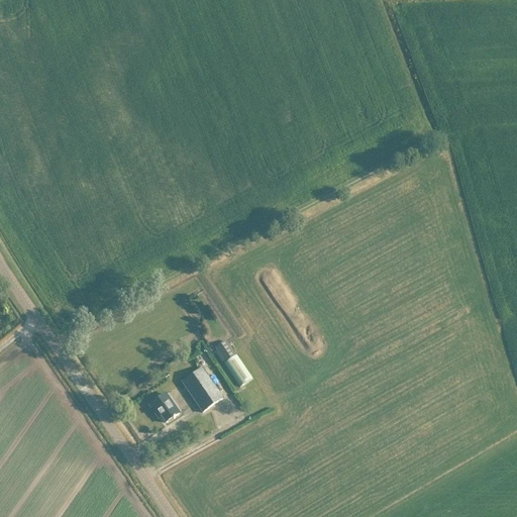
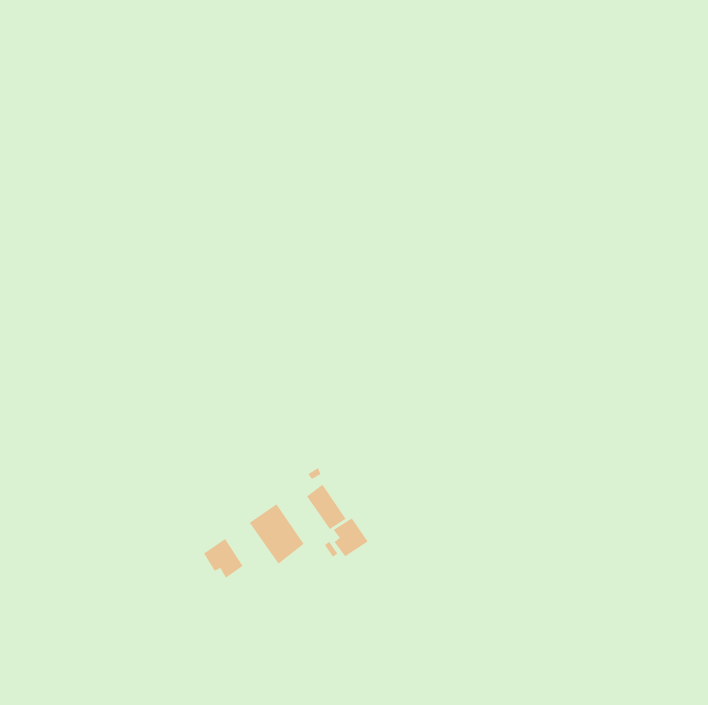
building: none -> [333,517,369,557]

